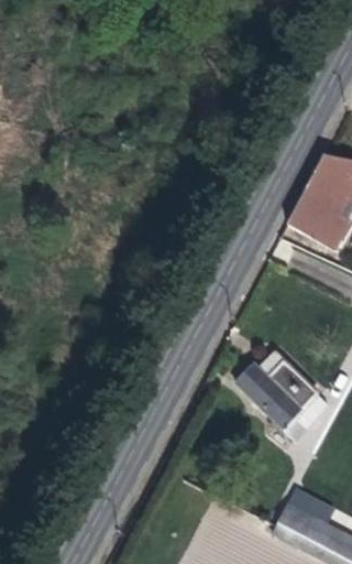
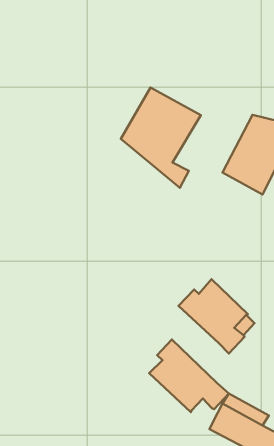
building: none -> [121,88,201,188]
building: none -> [149,340,229,412]

